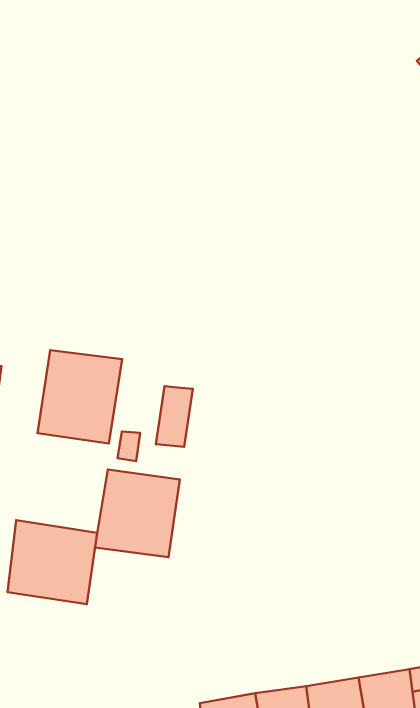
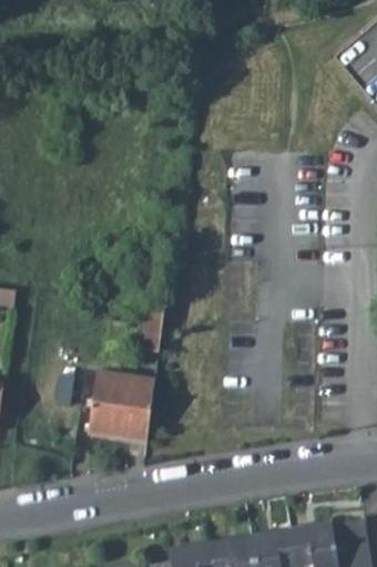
building: [38,350,122,444] -> none
building: [7,520,97,604] -> none

